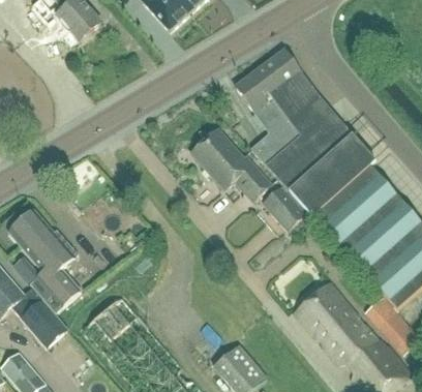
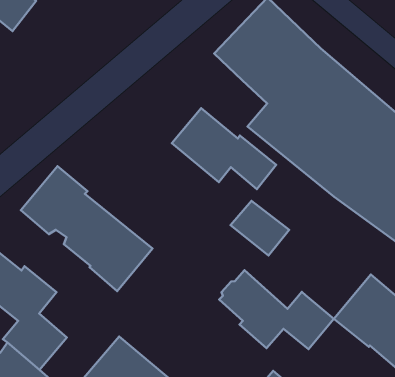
building: none -> [21,166,153,291]
building: [260,184,305,230] -> [231,201,289,255]
building: none -> [219,270,334,349]

